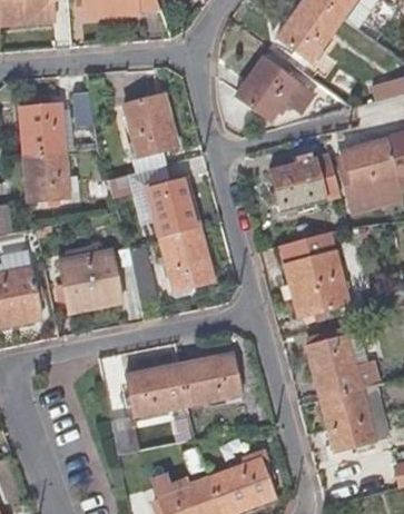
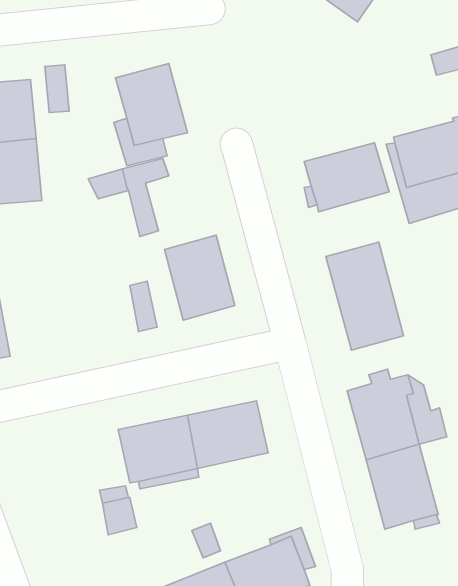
building: [234,58,312,120] -> none
building: [148,172,203,236] -> none
building: [63,249,125,312] -> none

